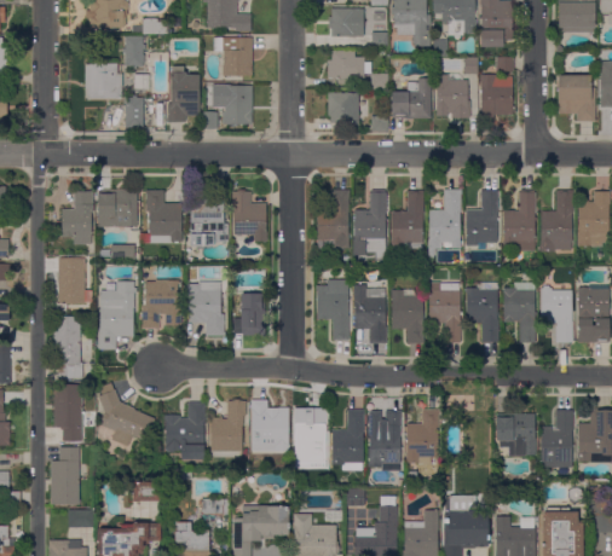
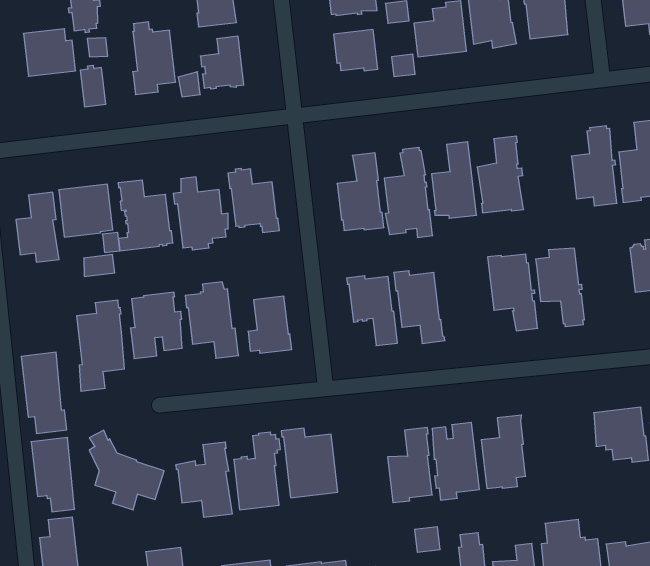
building: [466,190,498,249] -> none
building: [58,259,92,303] -> none
building: [502,283,536,343] -> none
building: [391,289,423,343] -> none
building: [294,409,328,463] -> none

